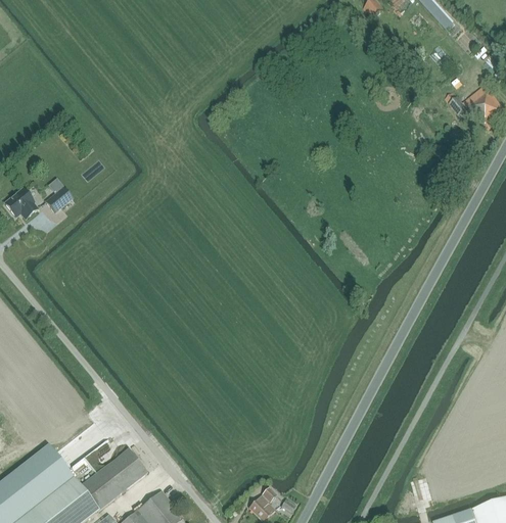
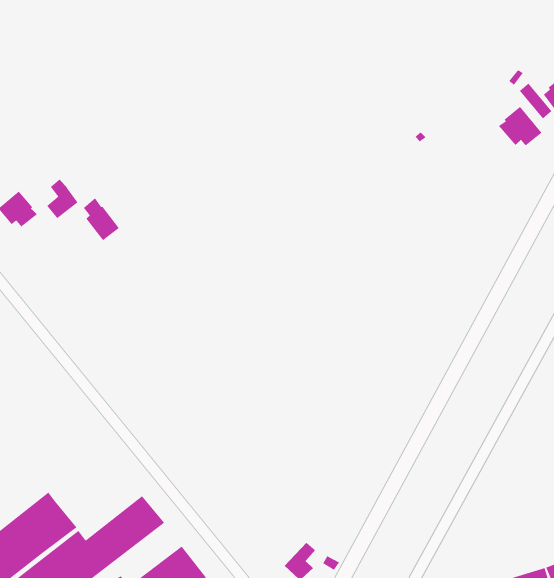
building: none -> [498,106,543,146]
building: none -> [83,197,120,241]

